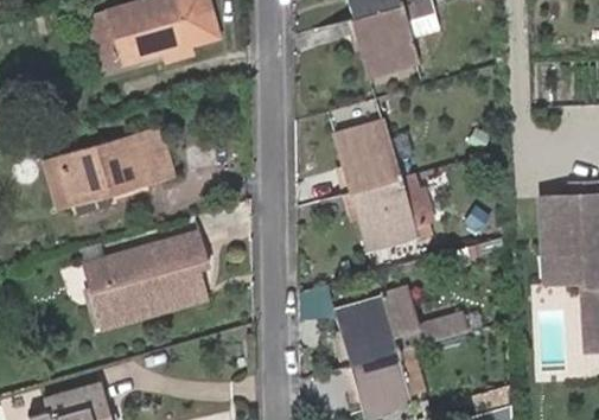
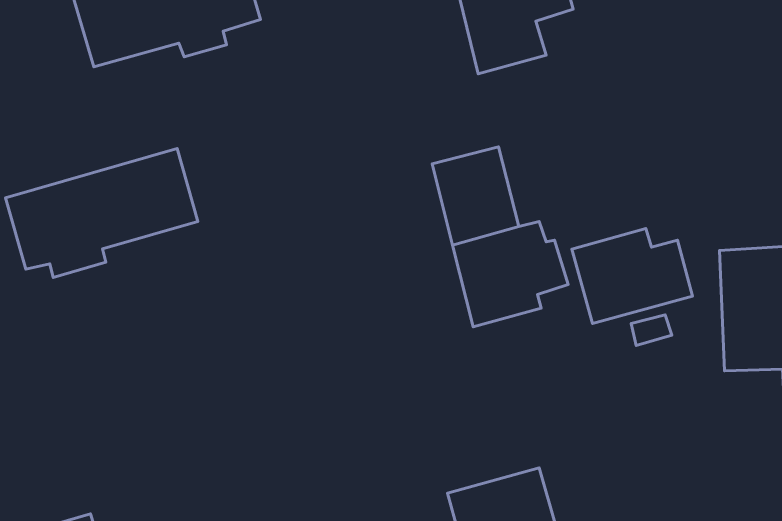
building: none -> [572,229,693,324]
building: [77,218,209,329] -> none
building: [334,287,467,365] -> none

